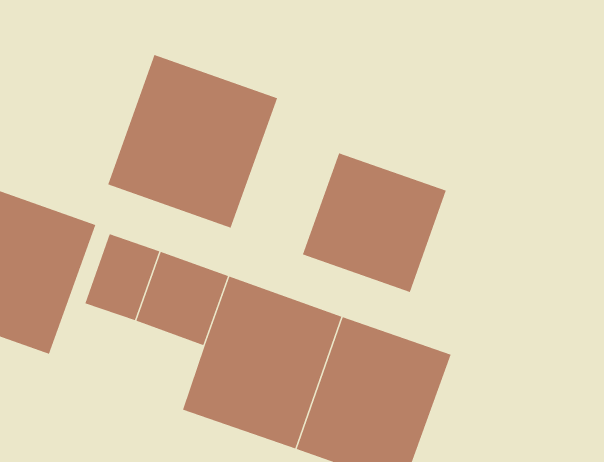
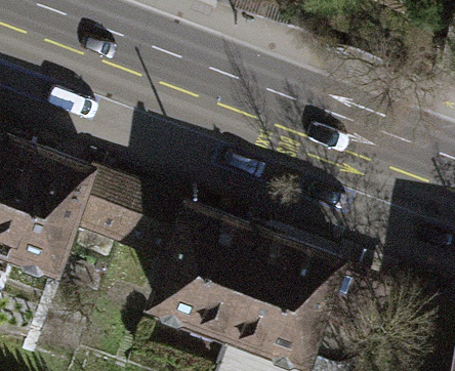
building: [107,54,278,229] -> none
building: [302,152,447,293] -> none

